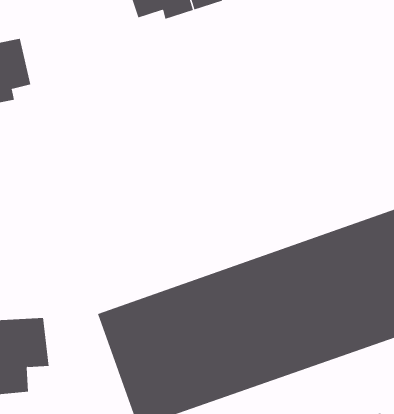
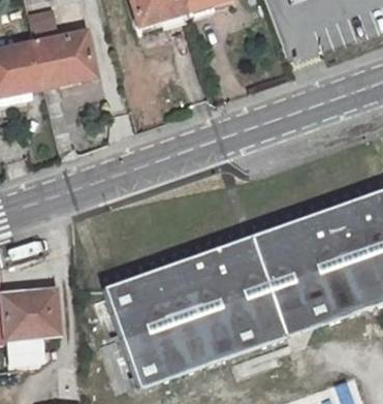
building: none -> [31,24,95,84]

